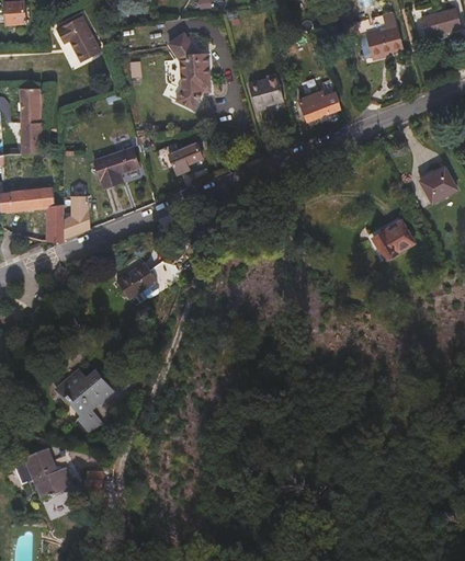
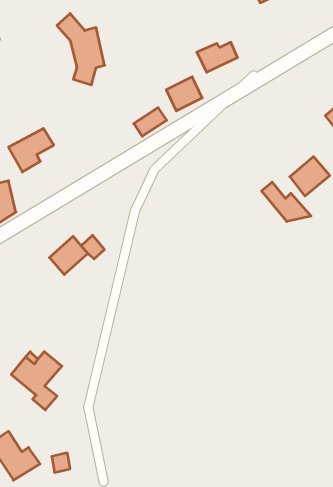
building: [248,77,283,108] -> [166,77,202,111]
building: [170,149,204,175] -> [134,108,167,136]
building: none -> [262,182,311,222]

